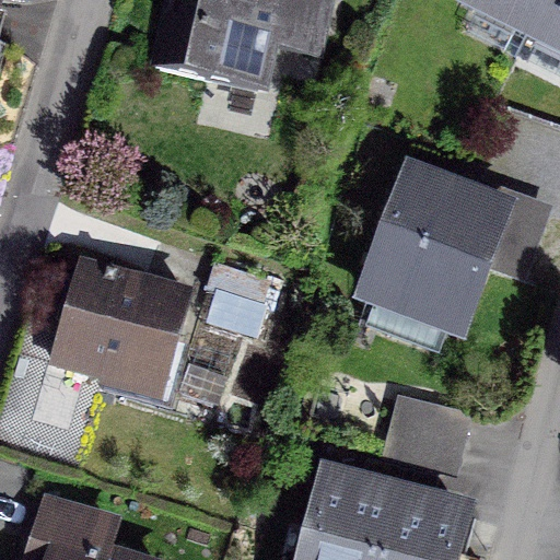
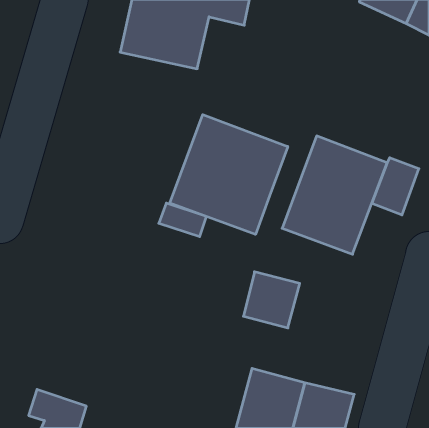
building: none -> [170,115,288,234]
building: [55,268,189,386] -> none
building: [386,400,459,474] -> [243,272,300,328]

